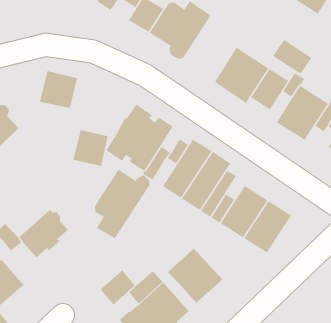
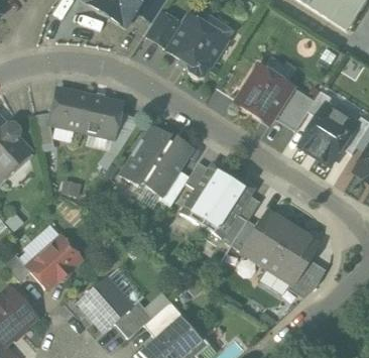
building: [272,39,312,74] -> none
building: [73,129,108,166] -> [83,97,121,136]
building: [94,169,150,239] -> none
building: none -> [288,258,326,297]
building: [167,248,223,304] -> none
building: none -> [80,278,130,330]

